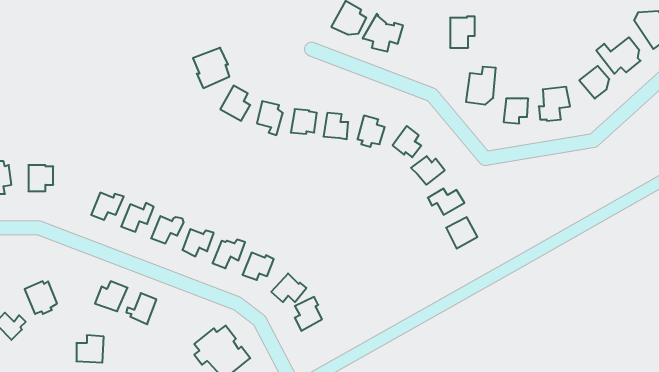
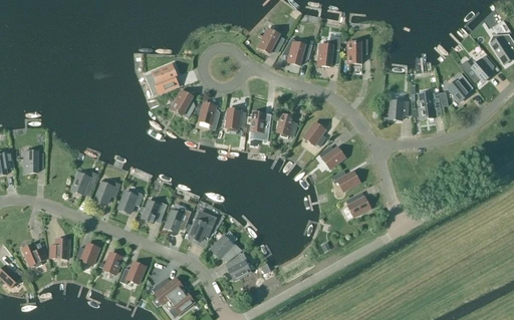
building: [466,67,496,105] -> [316,37,339,66]
building: none -> [118,259,147,285]
building: [76,335,104,363] -> [48,238,69,259]

